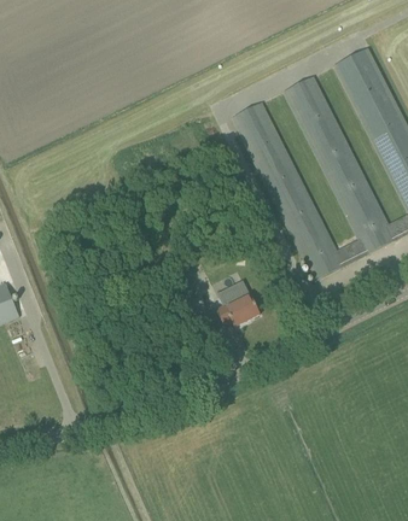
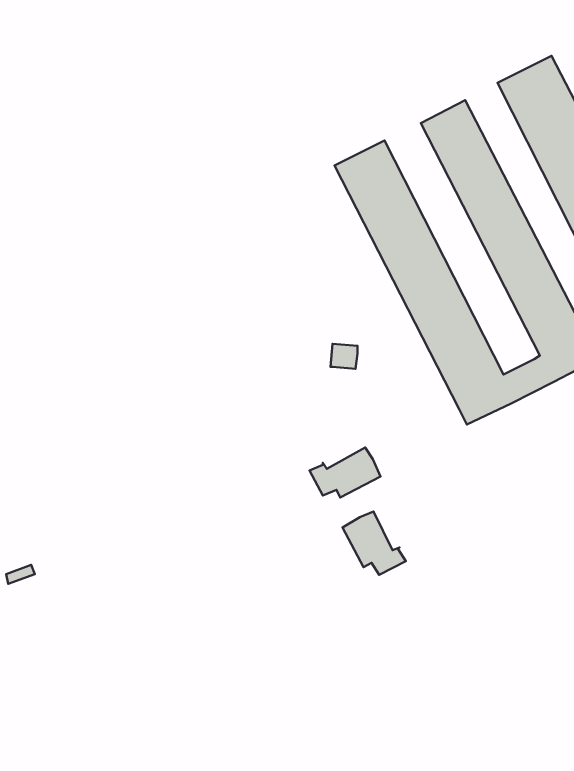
building: none -> [343,512,406,575]

